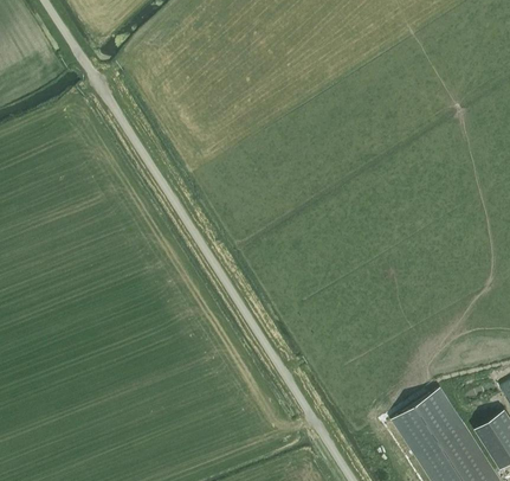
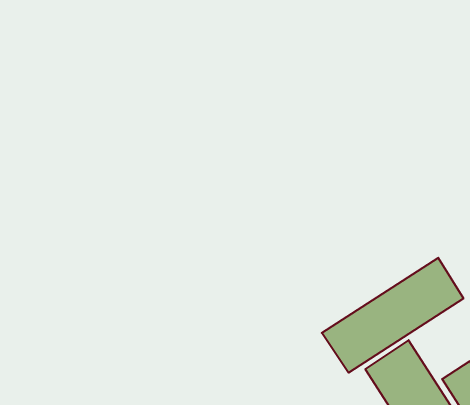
building: none -> [322,258,463,373]

